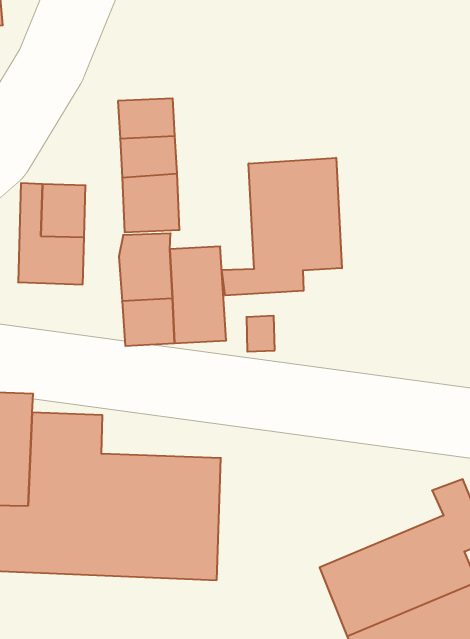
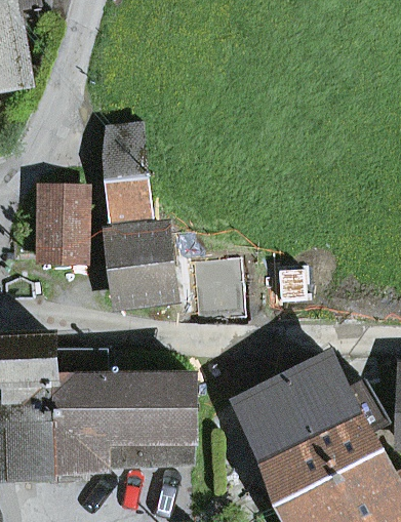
building: [222,158,342,295] -> none
building: none -> [242,360,353,451]

